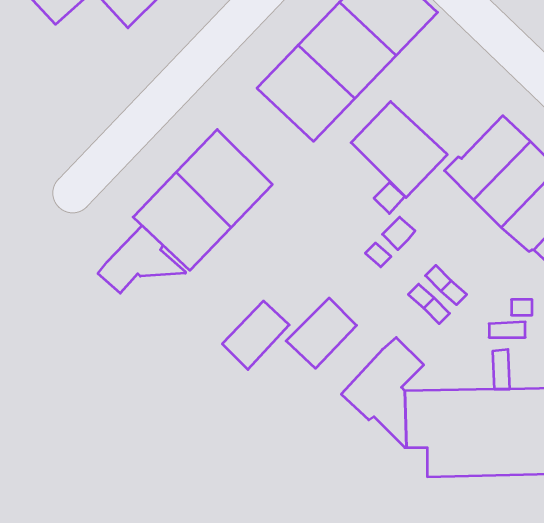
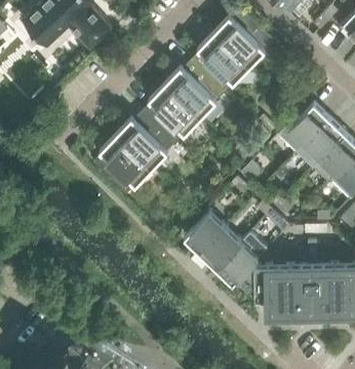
building: [351,101,447,198] -> [144,84,201,142]
building: [98,226,185,293] -> none
building: [222,301,289,370] -> [202,226,242,267]

